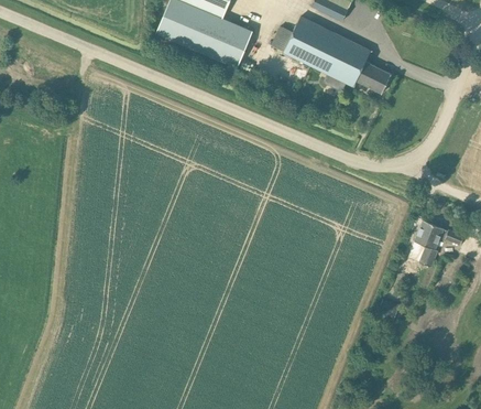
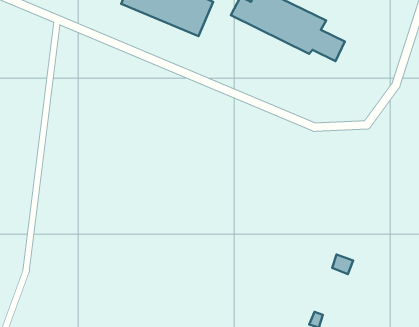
building: [414,222,463,268] -> none

